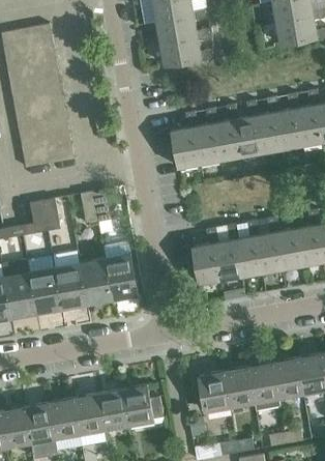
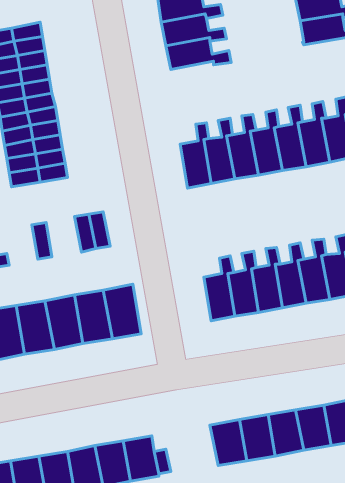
building: [20,202,47,237] -> none

